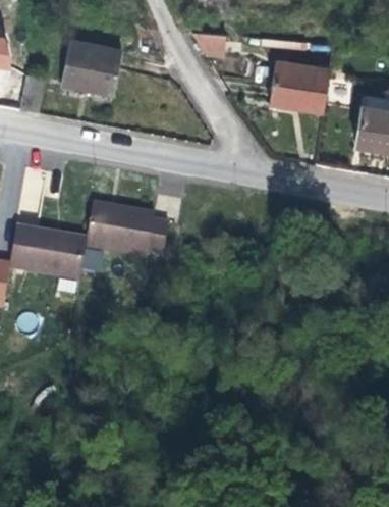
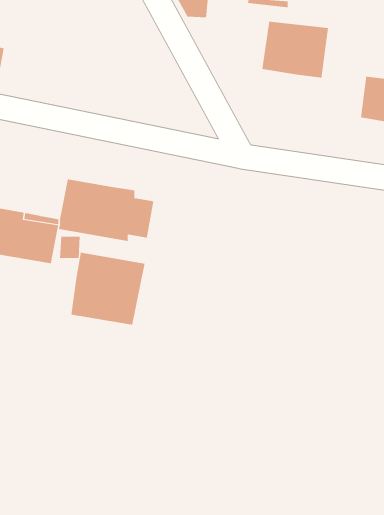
building: [53,41,113,91] -> none
building: none -> [71,252,145,326]

